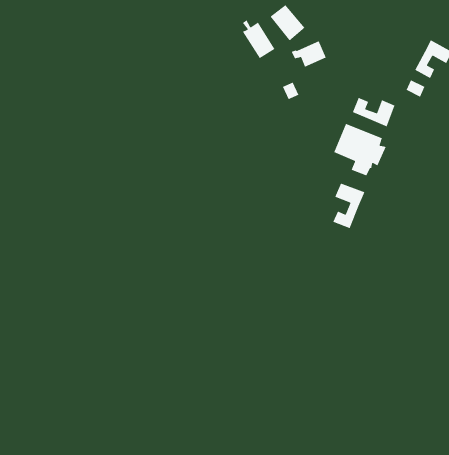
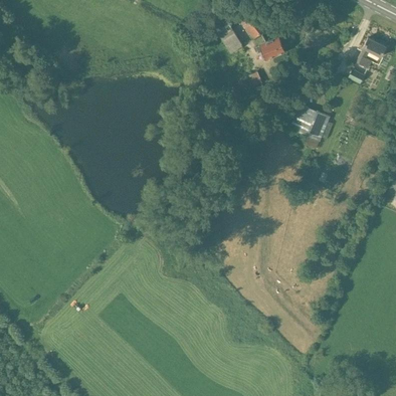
building: [352,97,396,127] -> none
building: [332,182,366,229] -> none

